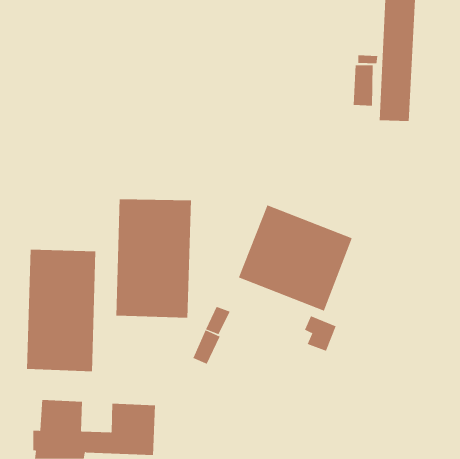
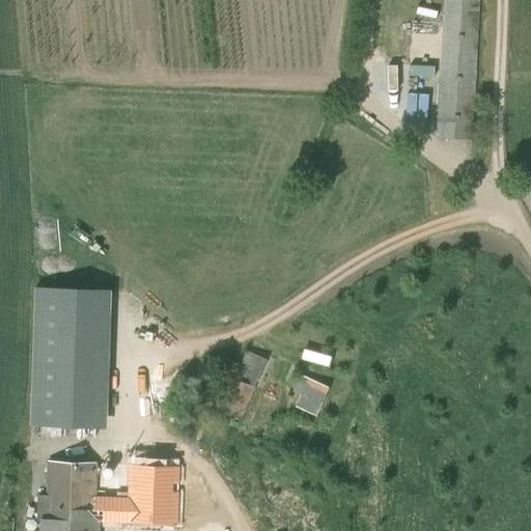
building: [116,198,191,318] -> none
building: [238,204,352,312] -> none
building: [304,315,337,351] -> [294,372,331,414]

